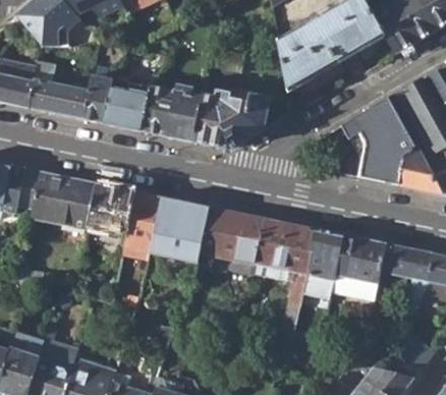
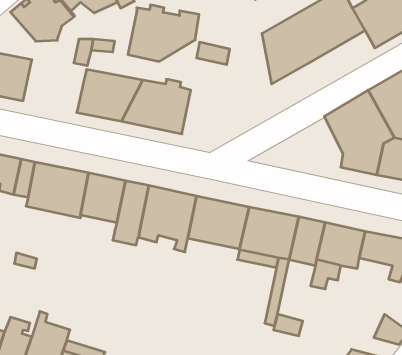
building: [29,62,92,120] -> none
building: [194,91,269,150] -> [128,5,199,61]

